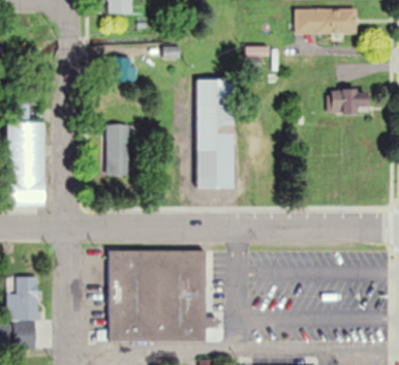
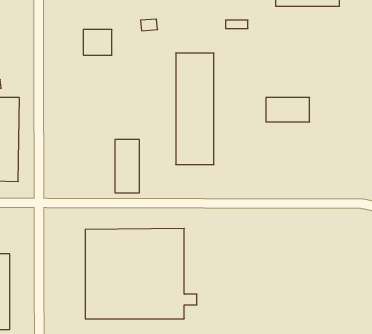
building: [327,90,369,114] -> [266,97,310,122]
building: [105,124,129,176] -> [115,140,139,193]

